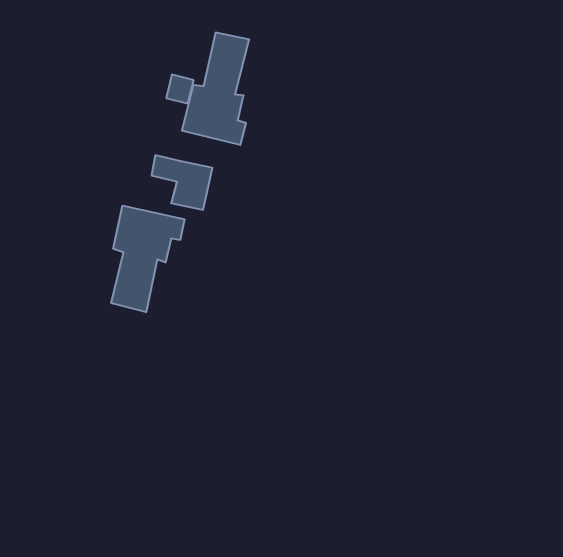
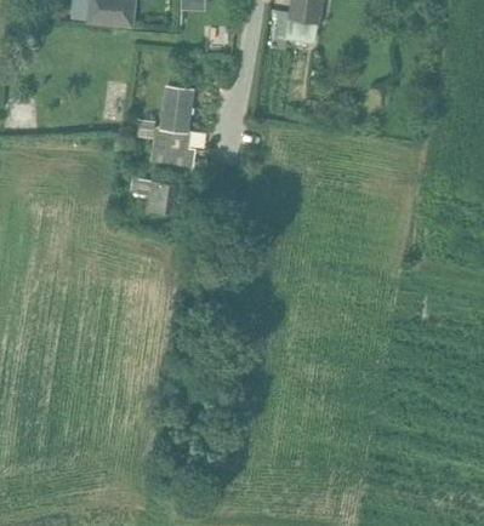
building: [111,206,184,312] -> none

